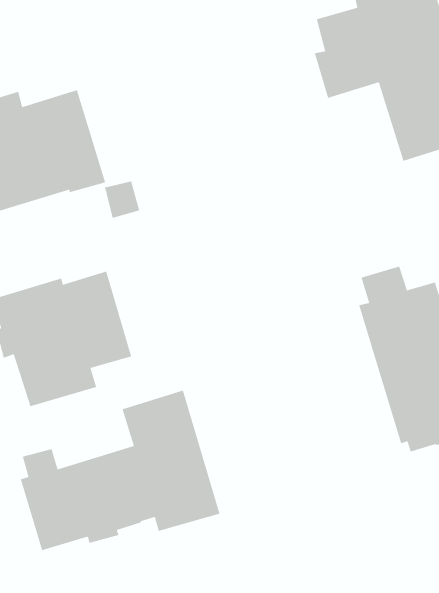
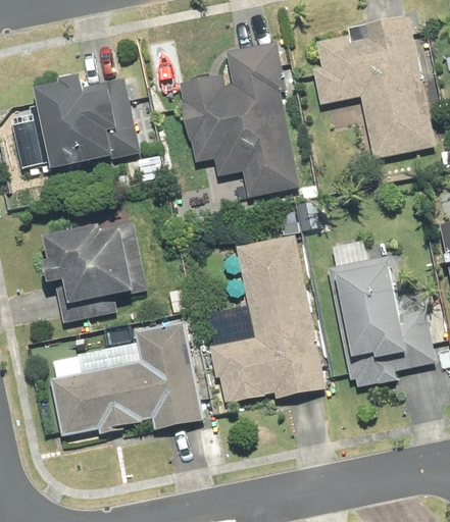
building: none -> [180,41,300,198]
building: none -> [210,234,324,402]

